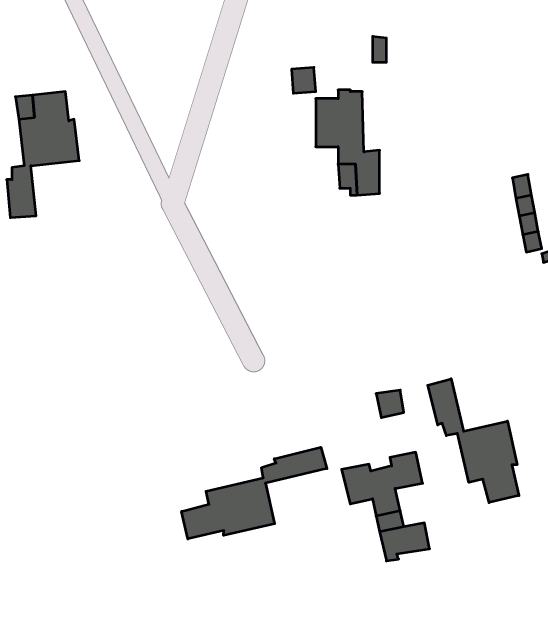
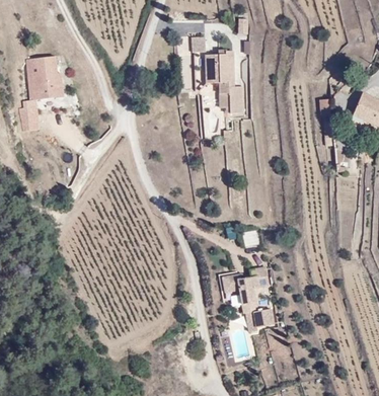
building: [428,379,519,503] -> none
building: [182,447,327,539] -> none

